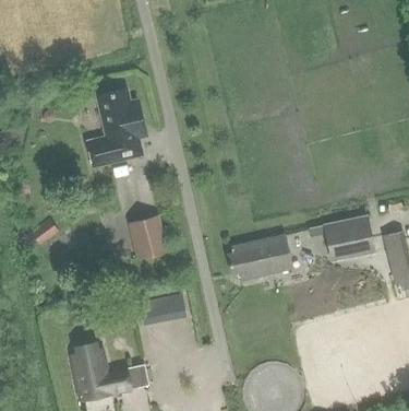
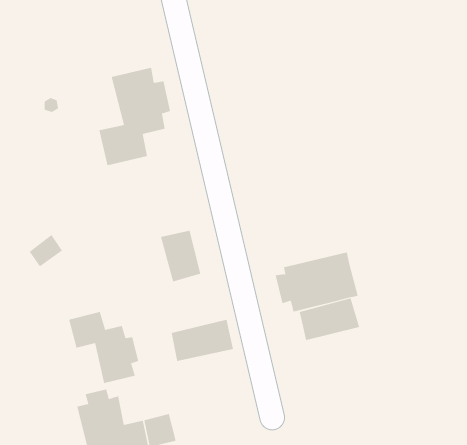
building: [323,215,374,257] -> none
building: none -> [299,298,360,341]
building: none -> [69,311,139,384]

